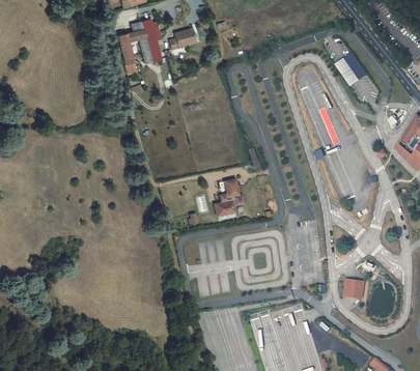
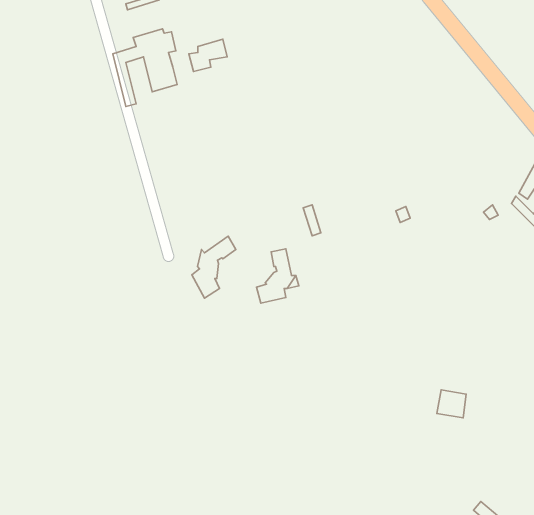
building: [335,52,367,87] -> none
building: none -> [192,236,236,298]

